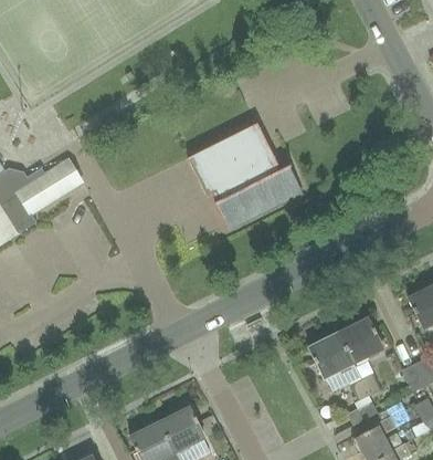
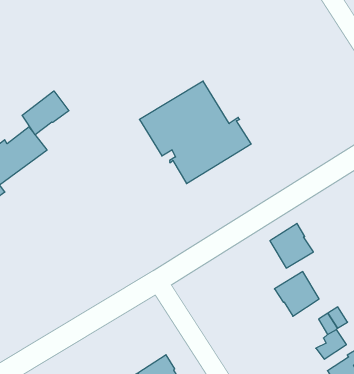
building: none -> [22,91,69,135]
building: [339,316,383,362] -> [270,223,313,268]

